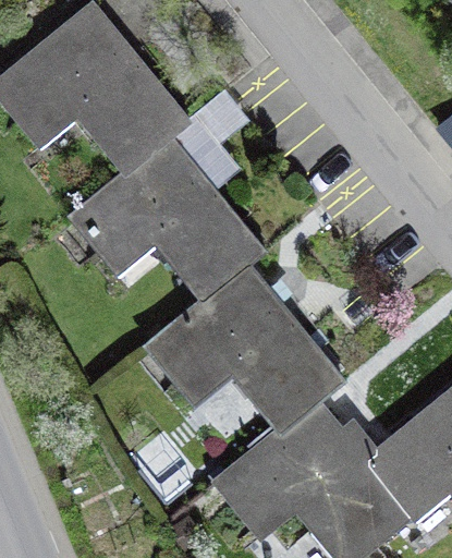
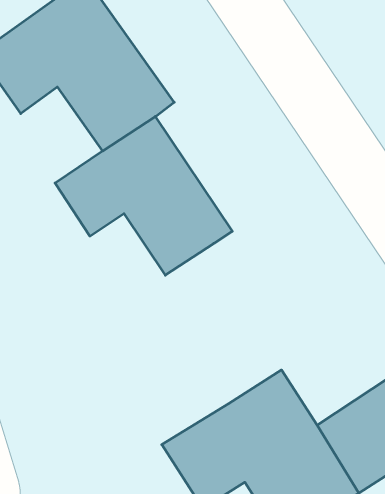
building: [145,267,341,433] -> none

